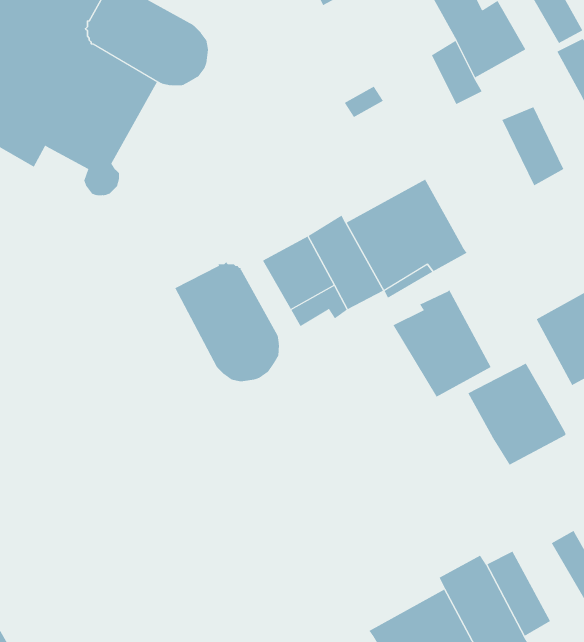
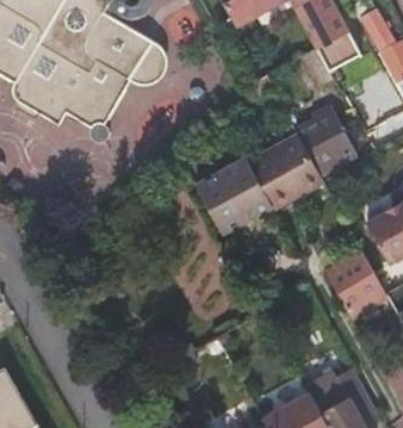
building: [175,262,279,382] -> none
building: [393,289,491,397] -> [296,106,358,174]

